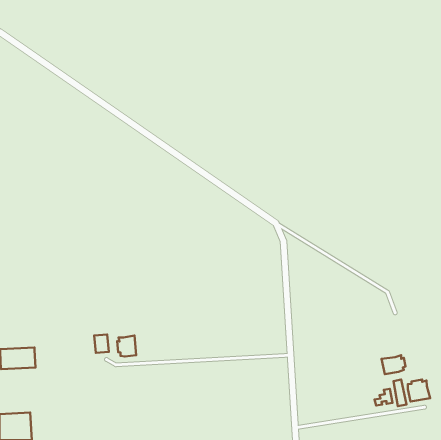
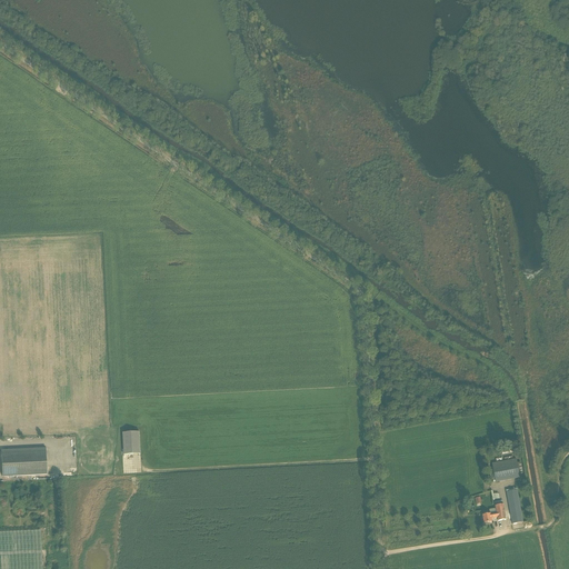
building: [117,335,136,356] -> none
building: [408,379,430,402] -> none

